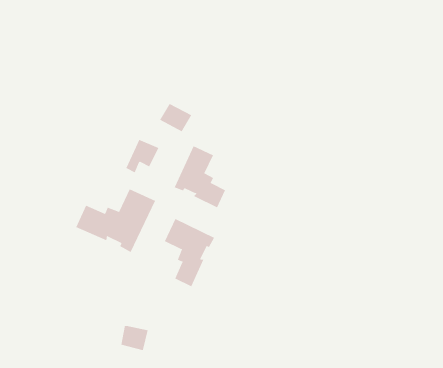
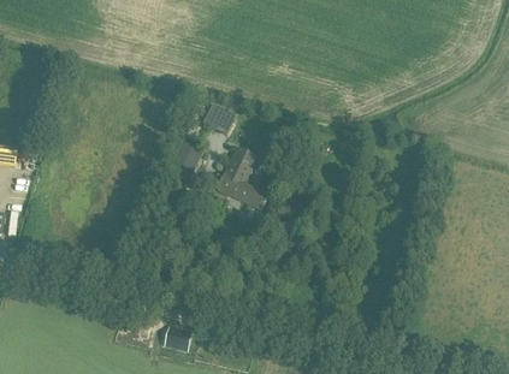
building: [75,189,156,253] -> none
building: [164,218,215,287] -> none

